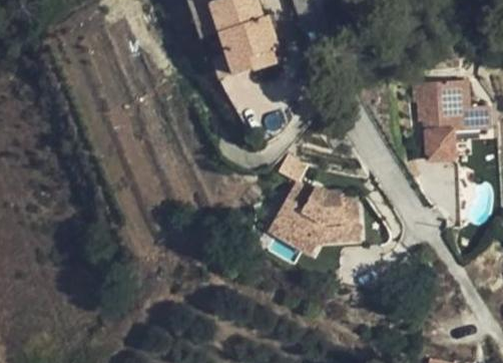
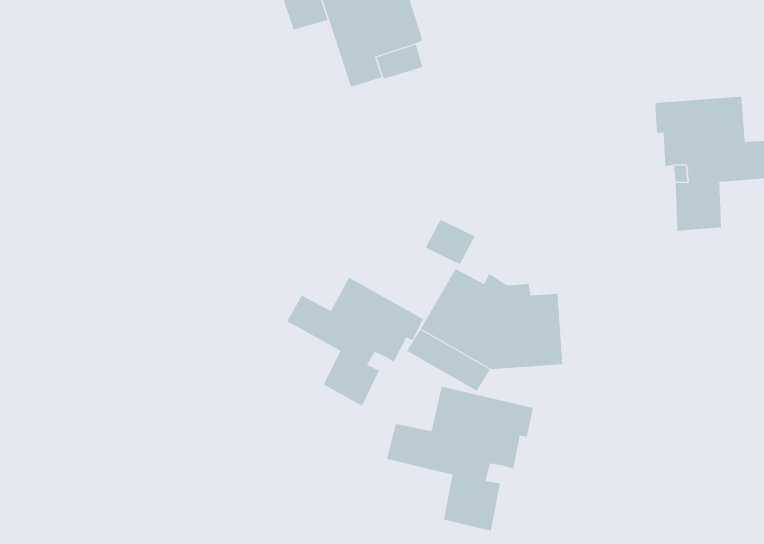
building: none -> [286,277,424,407]
building: none -> [386,386,534,531]

